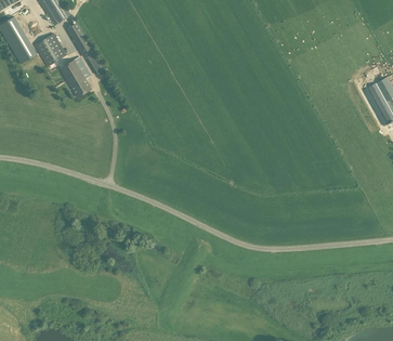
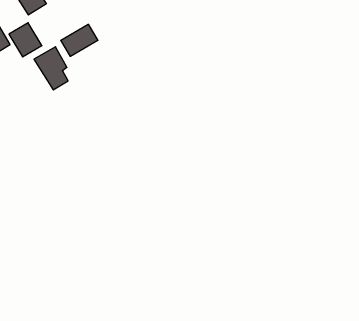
building: none -> [61,24,98,56]

